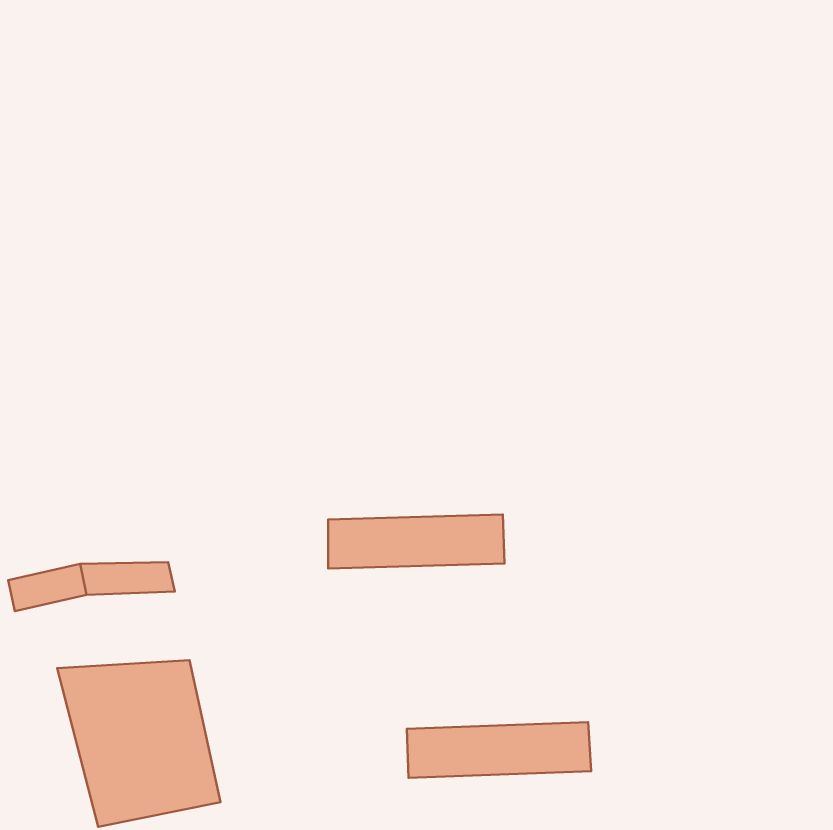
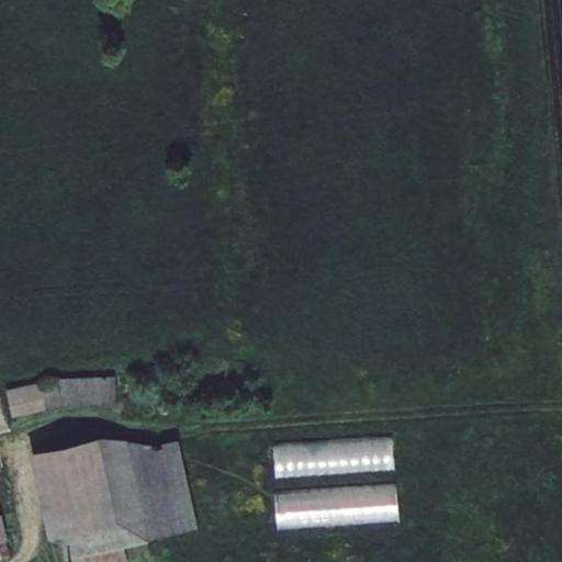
building: [328,515,504,569] -> [273,440,392,476]
building: none -> [127,443,194,542]

